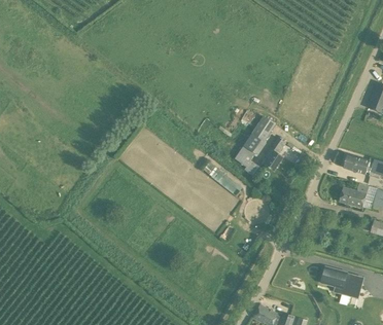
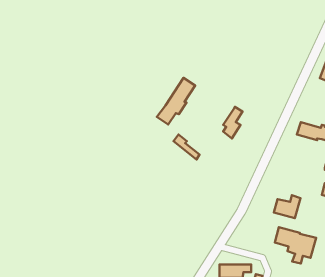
building: [234,116,275,167] -> [157,78,195,125]
building: [339,183,368,208] -> [274,195,301,218]

